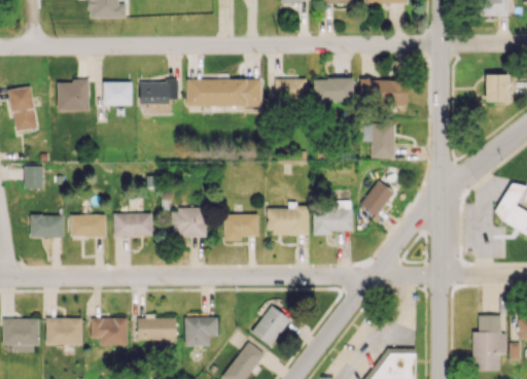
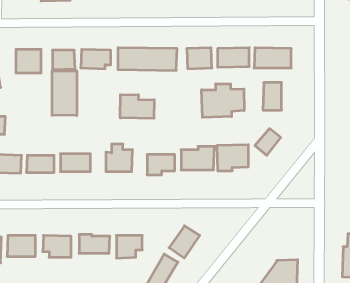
building: none -> [52,71,77,116]
building: none -> [202,84,244,117]
building: none -> [120,95,154,118]

